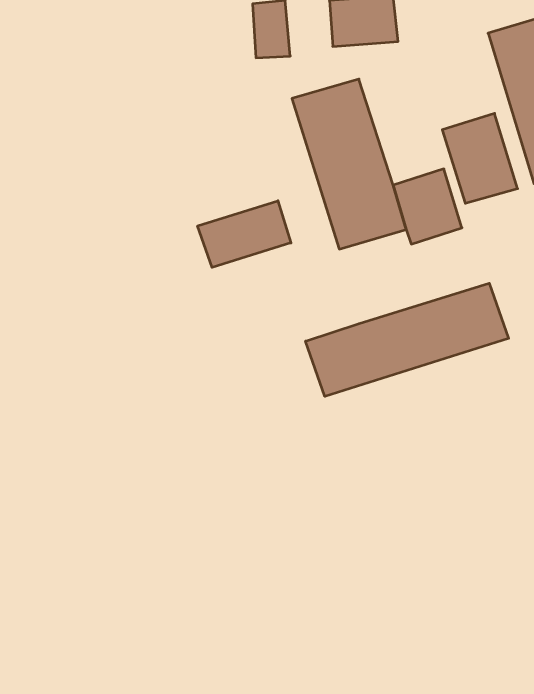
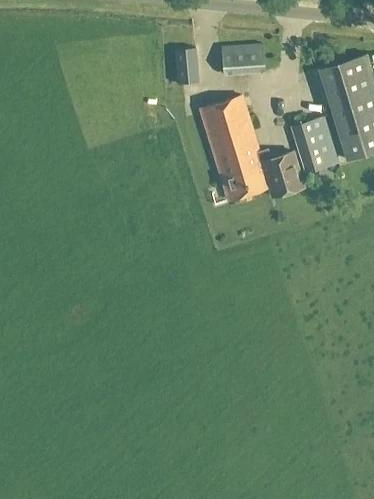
building: [198,201,291,267] -> none
building: [306,283,509,396] -> none

